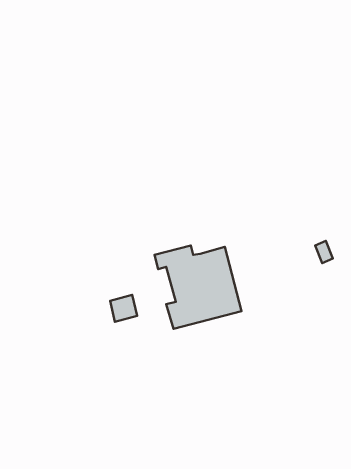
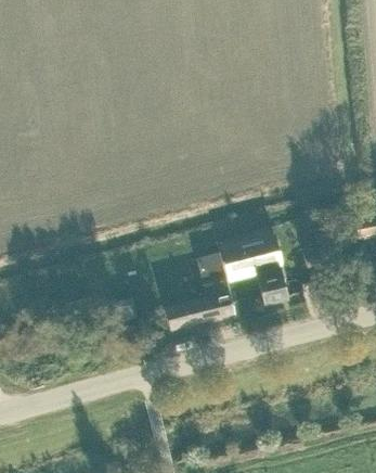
building: none -> [224,237,290,305]

